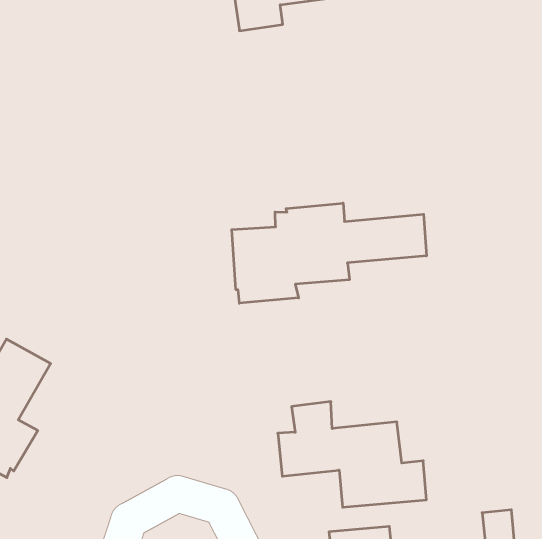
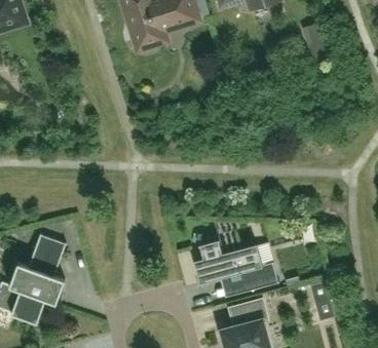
building: [232,203,426,303] -> none

